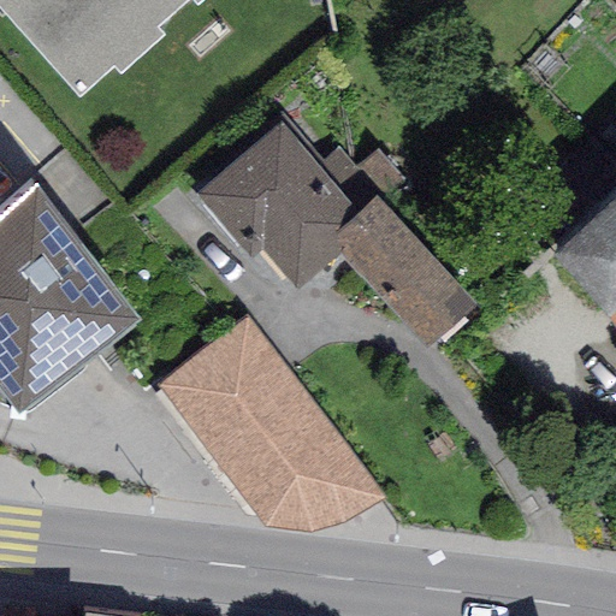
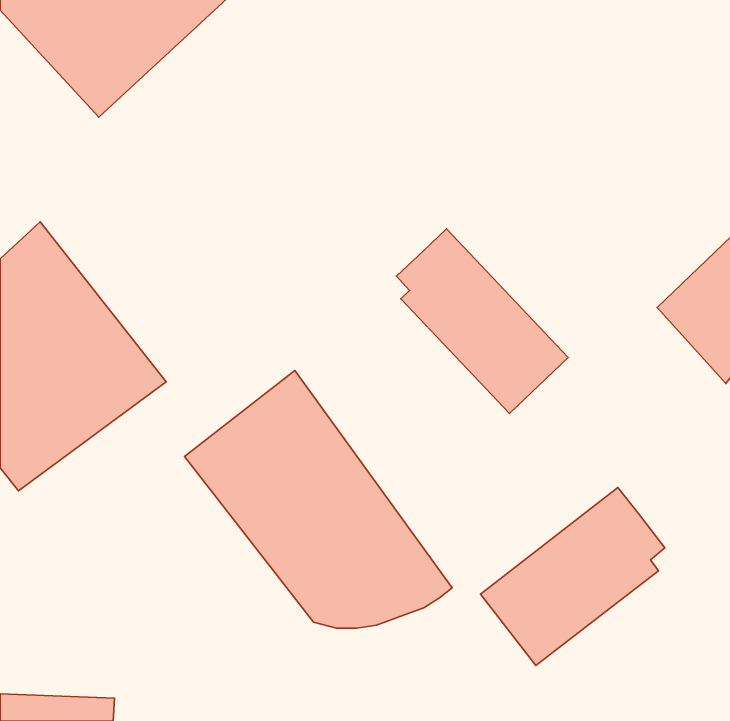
building: [196,120,357,286] -> none
building: none -> [481,487,665,666]

